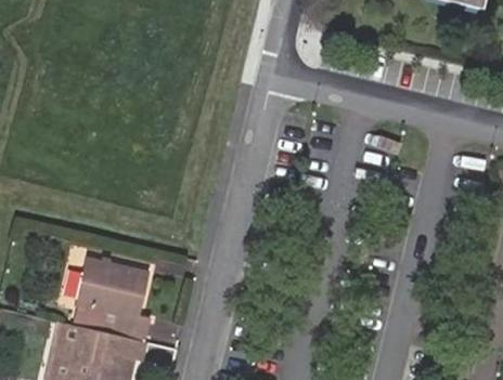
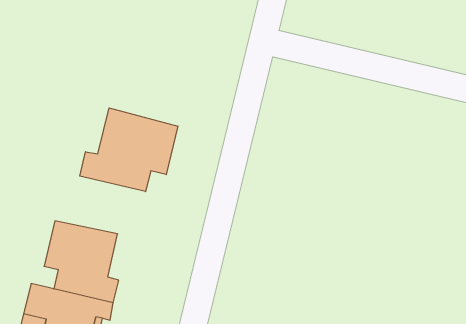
building: none -> [80,108,178,192]

